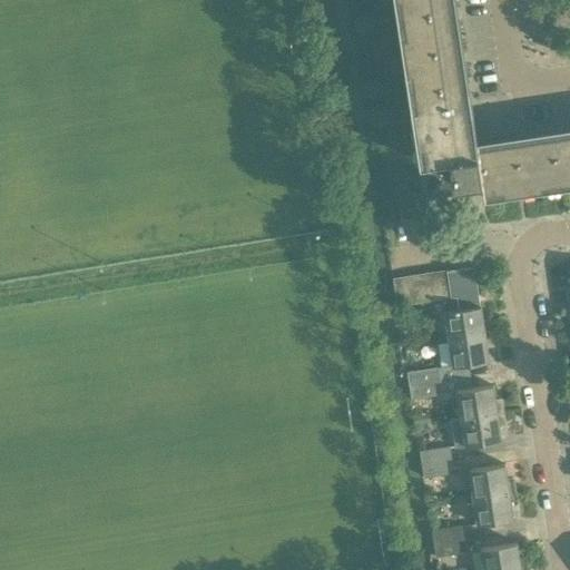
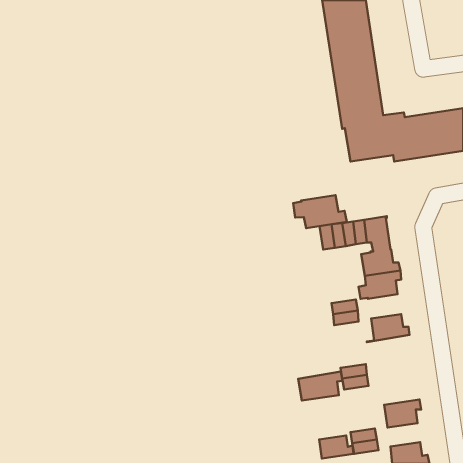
building: none -> [293,195,347,228]
building: [450,412,504,448] -> [298,372,343,401]
building: [466,465,514,498] -> none
building: none -> [319,436,354,459]

